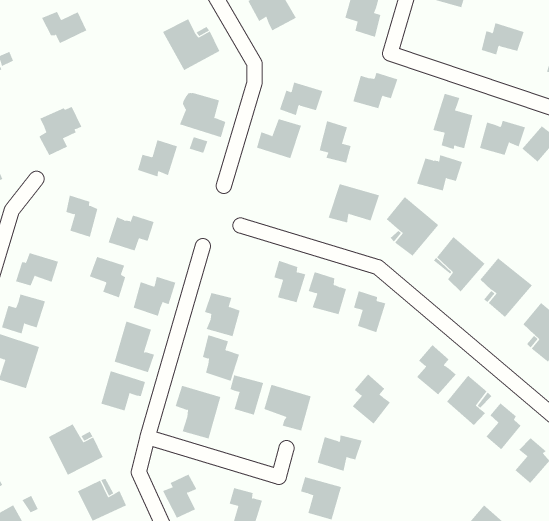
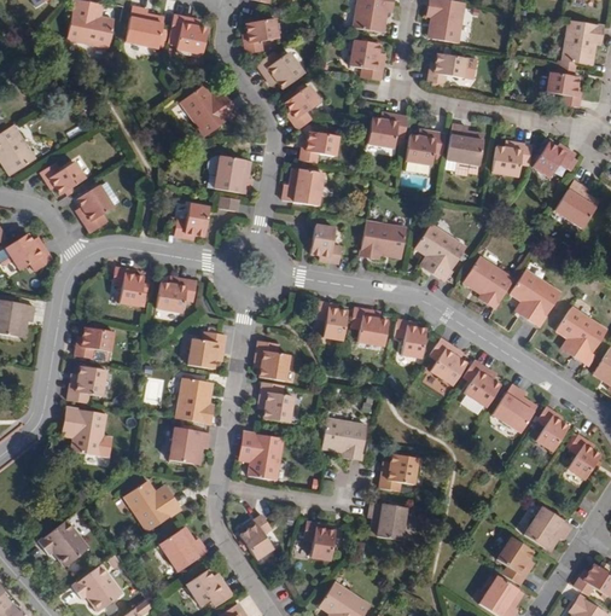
building: [41,11,87,44] -> [41,162,86,194]
building: [481,23,524,55] -> [429,53,467,83]
building: none -> [285,86,321,129]
building: [319,121,352,163] -> [309,226,339,263]
building: [416,155,463,191] -> [406,130,447,164]
building: [89,256,126,298] -> none
building: [352,374,391,425] -> [429,339,465,387]
building: [230,375,264,415] -> none

